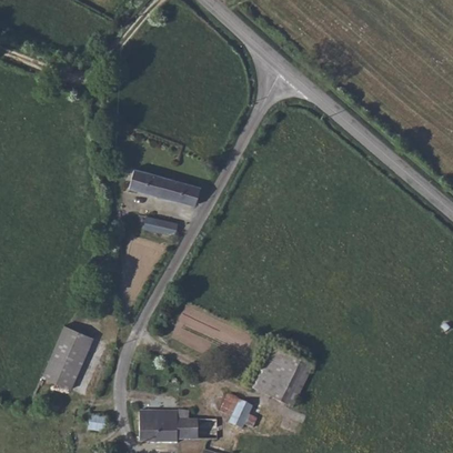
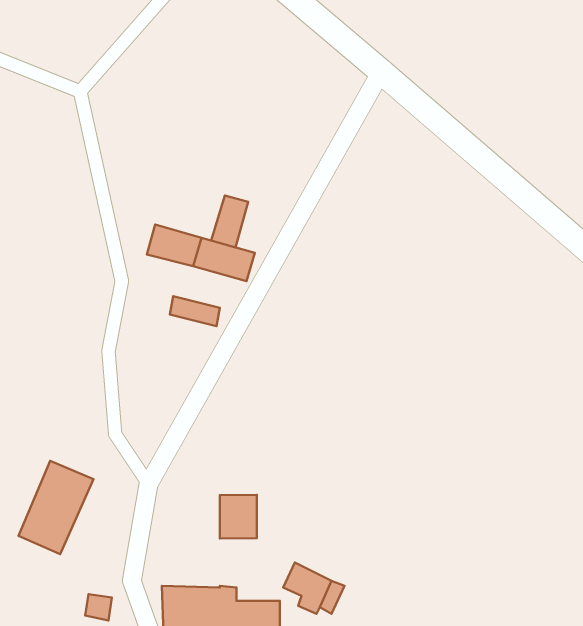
building: none -> [211,196,248,247]
building: [253,349,312,407] -> none
building: none -> [220,495,257,538]

